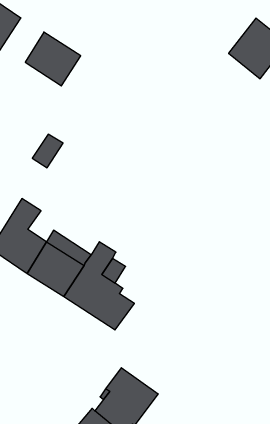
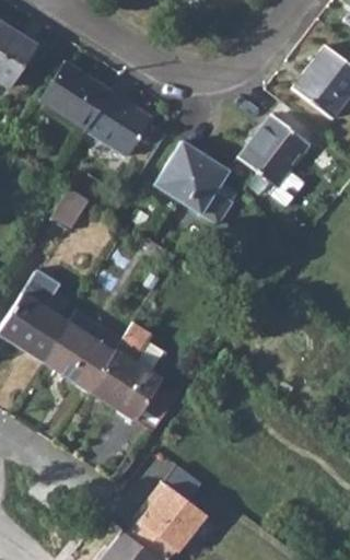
building: none -> [86,92,153,156]
building: none -> [241,115,314,189]
building: none -> [156,141,234,225]

